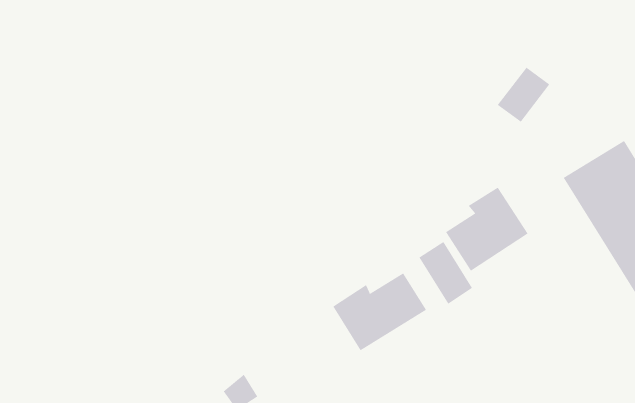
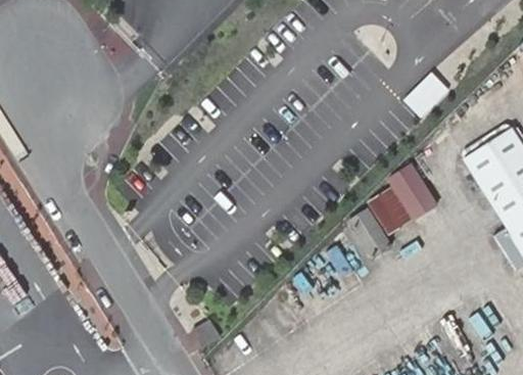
building: [332,272,427,351] -> none

